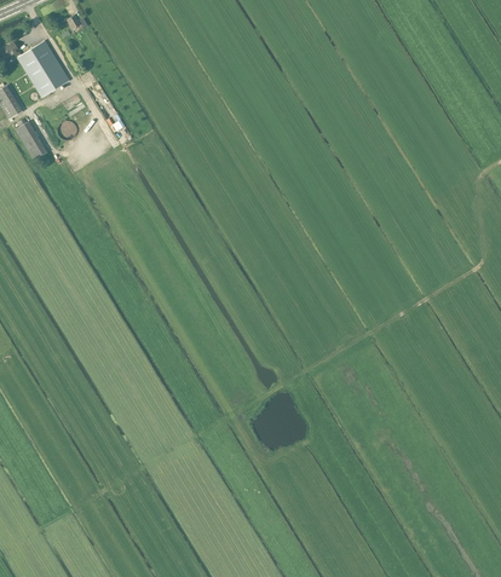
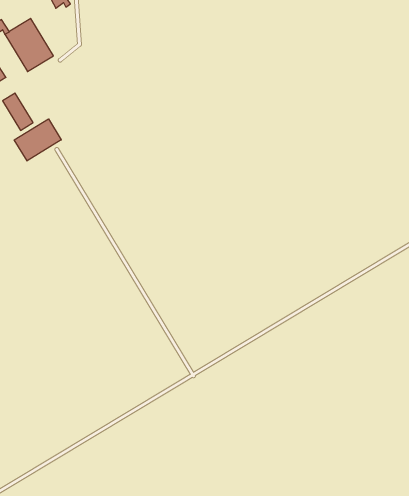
building: none -> [14,119,61,161]

